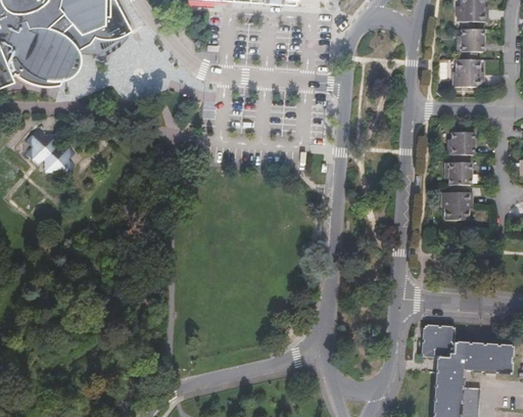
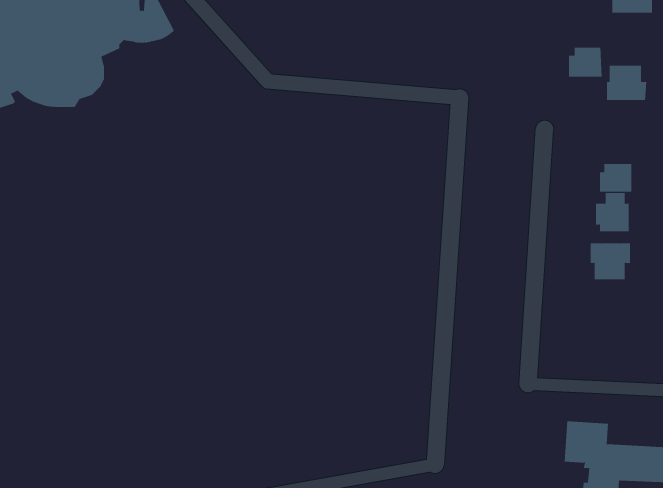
building: [459,28,484,50] -> [568,47,602,77]
building: [26,128,76,182] -> none

